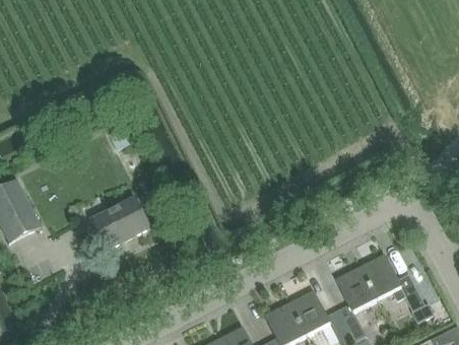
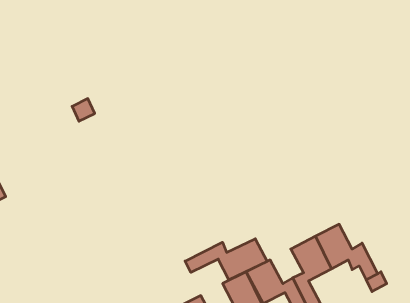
building: [88,194,147,248] -> none
building: none -> [185,239,267,280]

